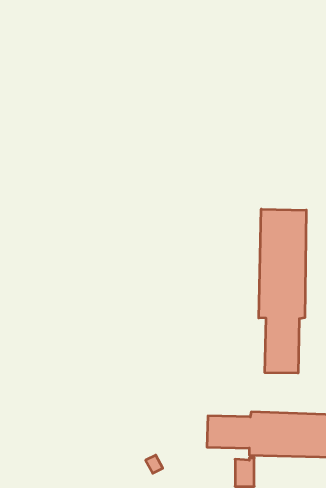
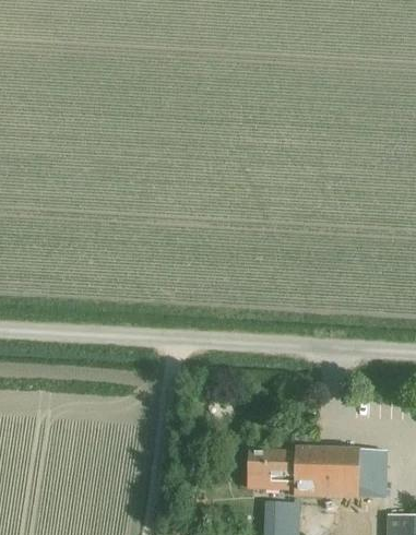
building: [259,209,306,373] -> none

